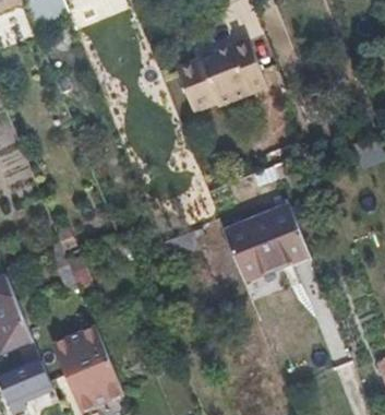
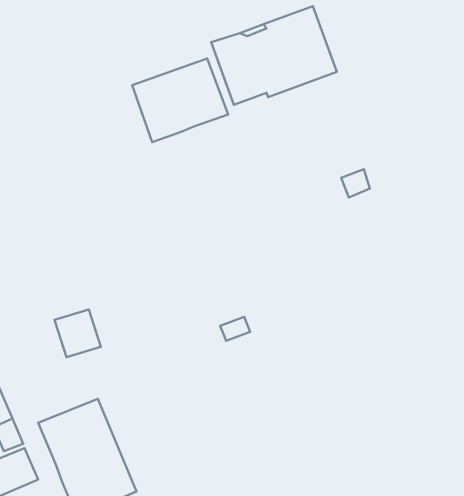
building: none -> [132,59,228,142]
building: [224,207,311,289] -> none

